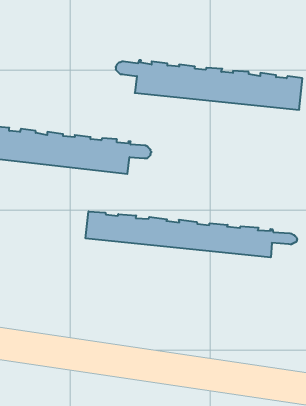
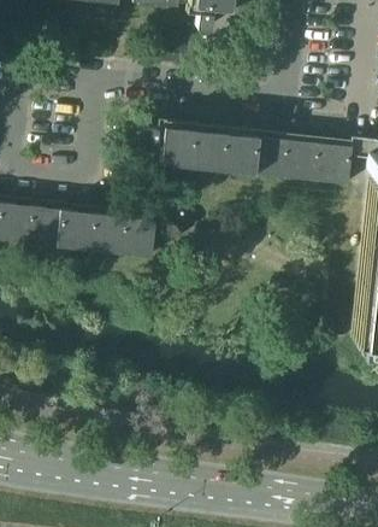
building: [86,211,297,257] -> none

